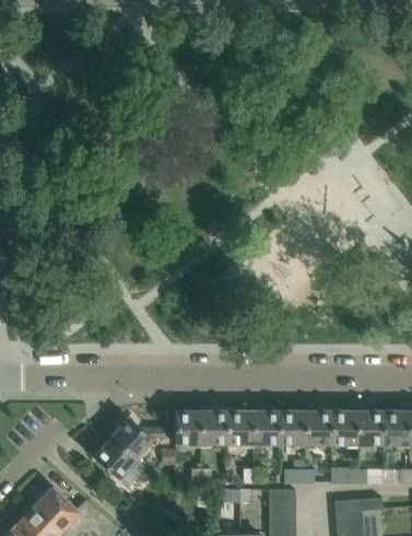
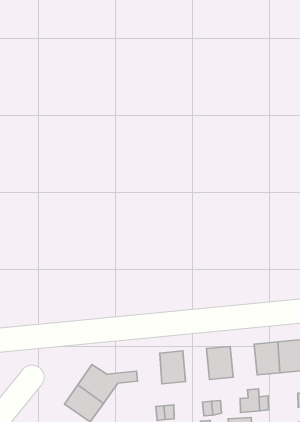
building: [174,411,201,445] -> none
building: [226,411,252,445] -> none
building: [279,411,305,445] -> none

